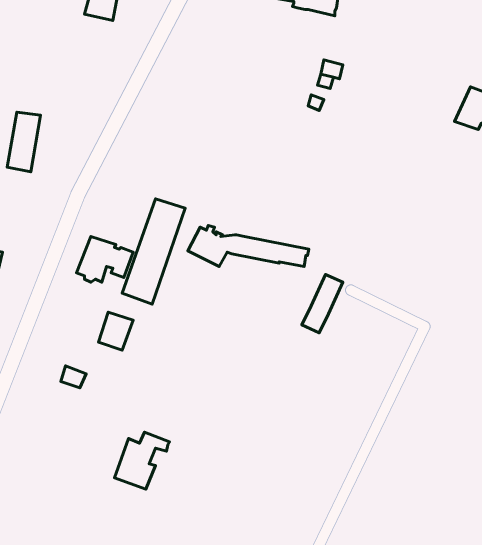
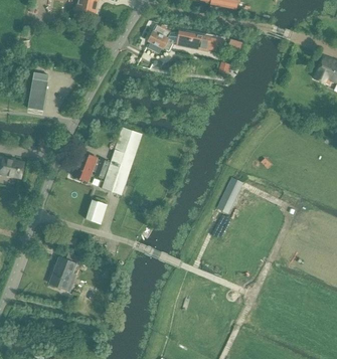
building: [188,225,309,266] -> [148,25,225,51]
building: [114,432,170,489] -> [49,253,85,290]

